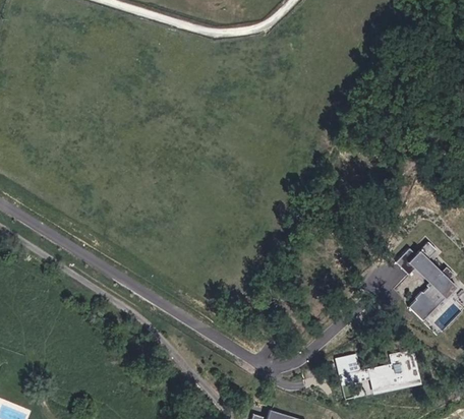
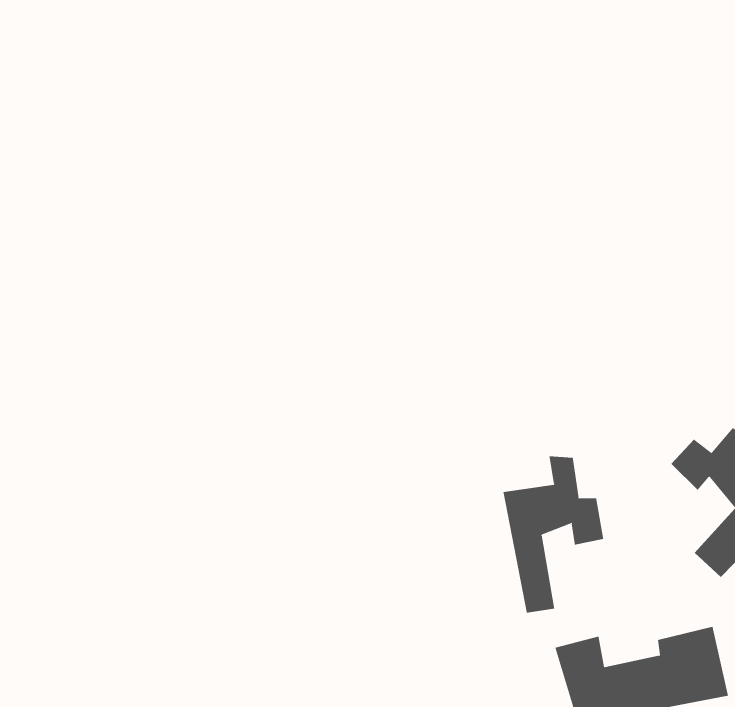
building: none -> [503,455,604,613]

